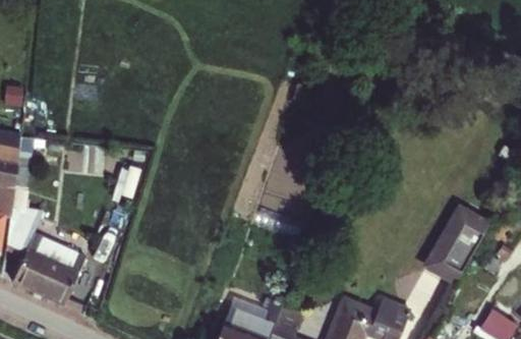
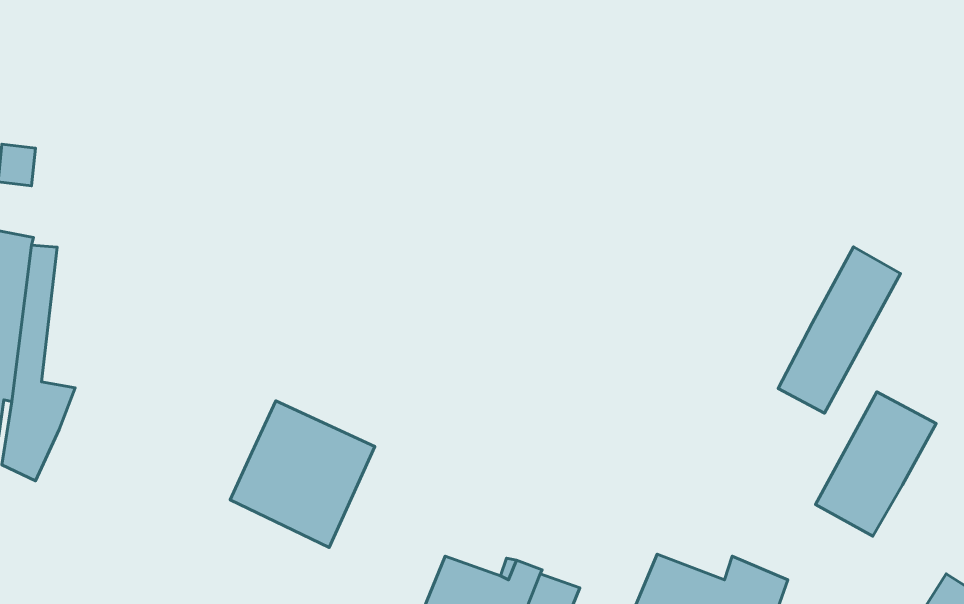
building: none -> [778,247,901,413]
building: [11,230,85,305] -> [230,401,375,547]

